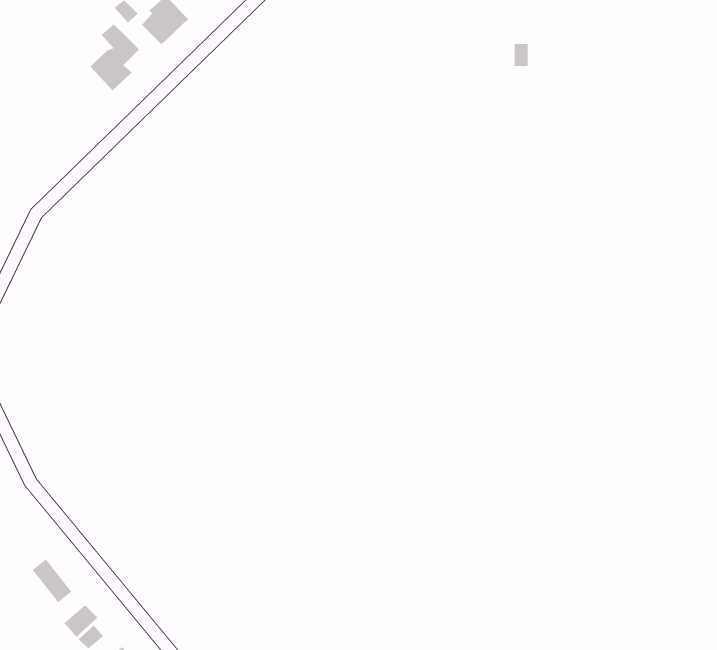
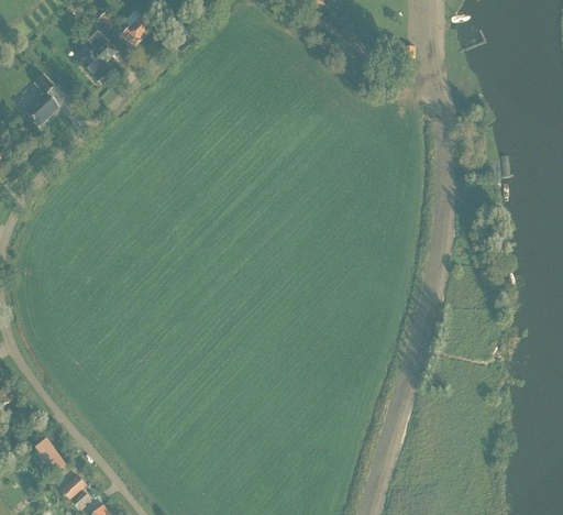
building: none -> [23,72,58,125]

